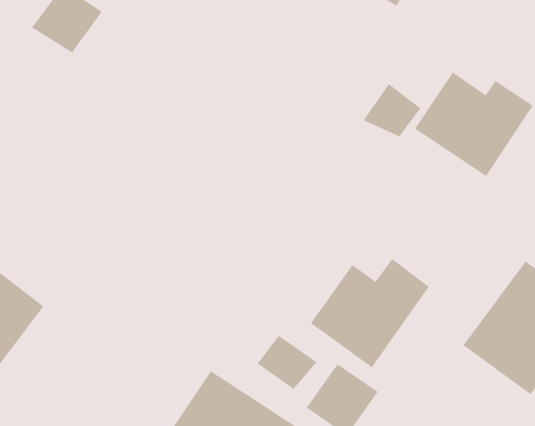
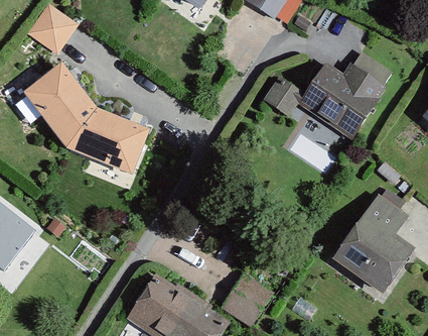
building: none -> [23,62,151,176]
building: [310,258,430,368] -> none
building: [257,335,317,390] -> none

